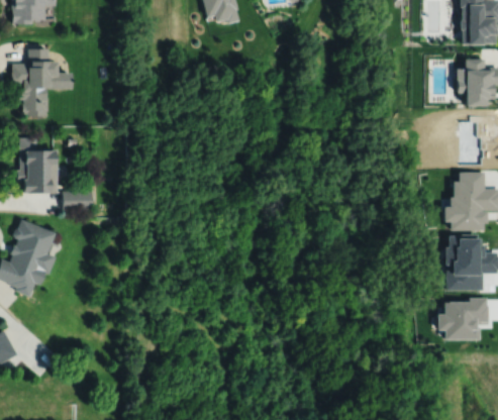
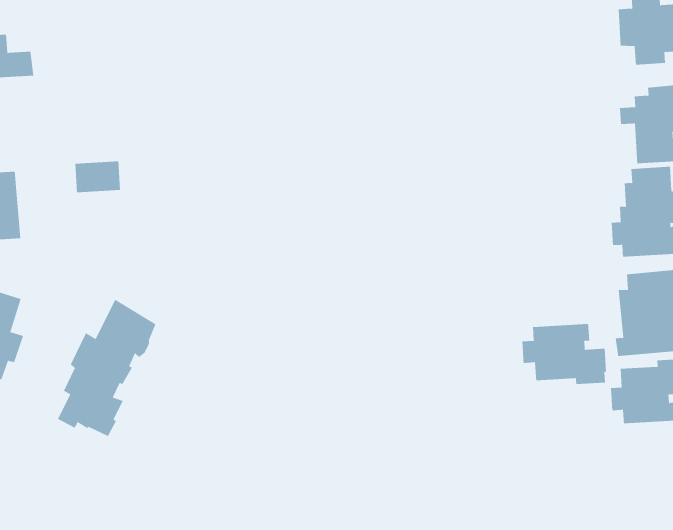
building: [64,191,93,210] -> [74,161,121,193]
building: none -> [57,299,156,437]
building: none -> [522,323,607,385]

